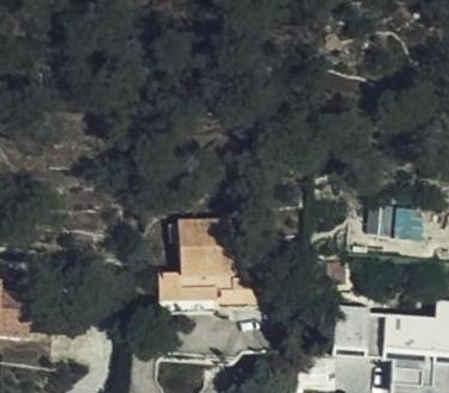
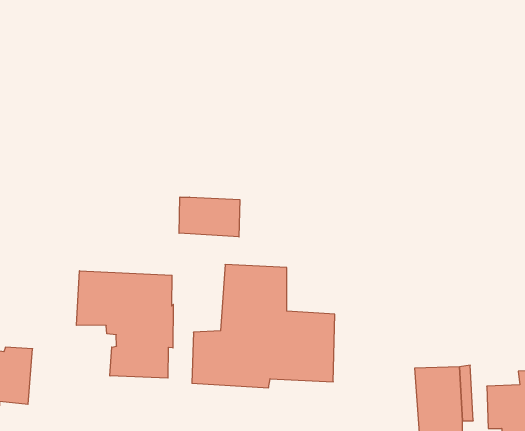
building: none -> [179,197,240,237]
building: none -> [76,271,173,378]

